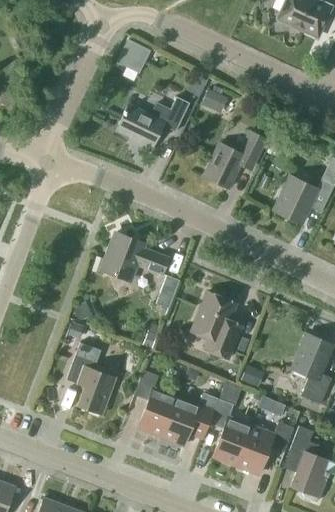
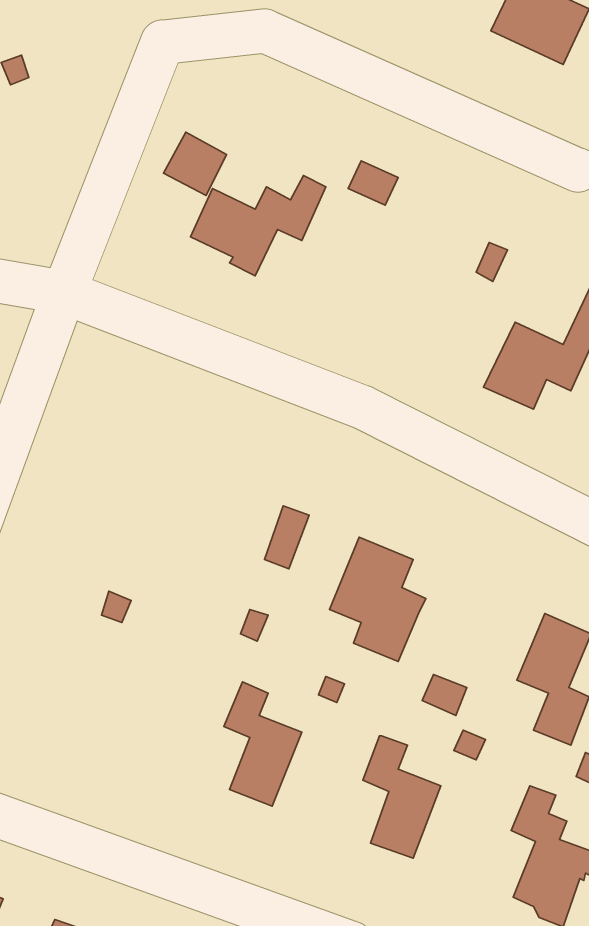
building: [117,39,151,73] -> [164,132,227,195]
building: [203,131,266,189] -> none
building: [101,233,169,280] -> none
building: [66,342,115,414] -> none
building: [160,393,218,445] -> none
building: [236,422,293,474] -> none

